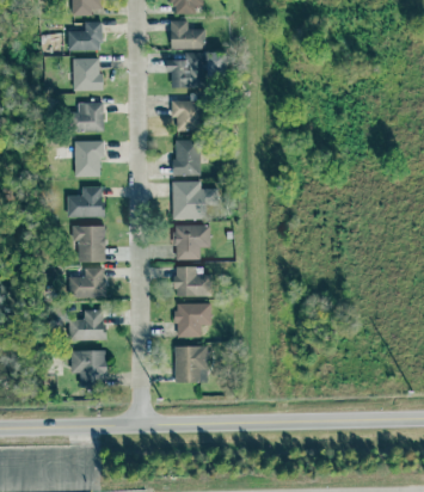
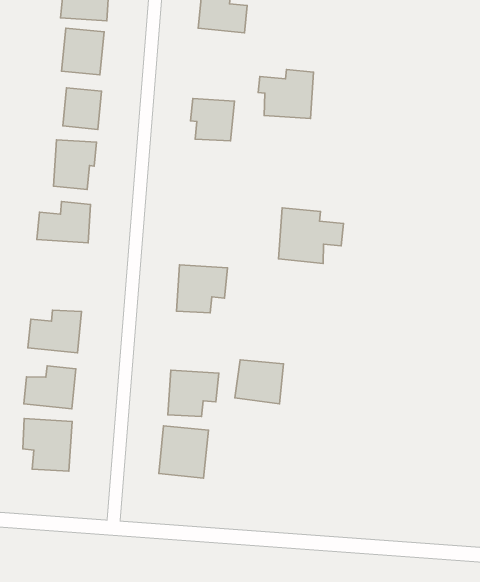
building: [166,53,207,88] -> [258,69,314,118]
building: [174,140,201,176] -> none
building: [172,182,219,220] -> [279,208,343,263]
building: [72,226,106,263] -> none
building: [174,267,208,297] -> [235,360,283,404]

